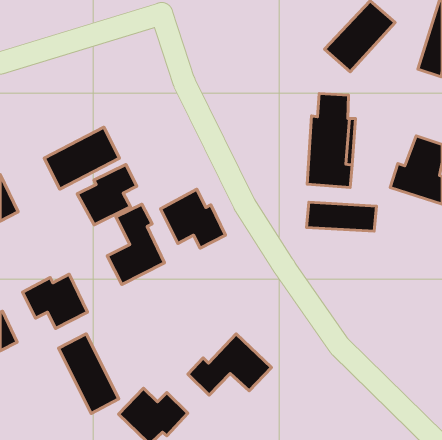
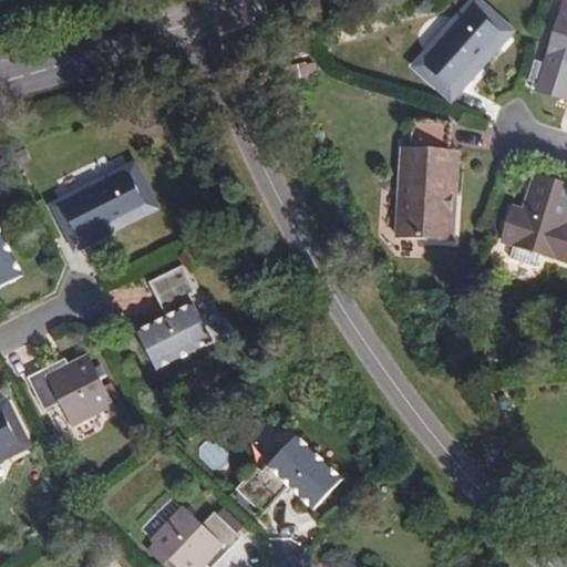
building: [77,165,137,225] -> none
building: [160,189,225,248] -> none
building: [306,202,377,231] -> none
building: [58,334,119,413] -> none

